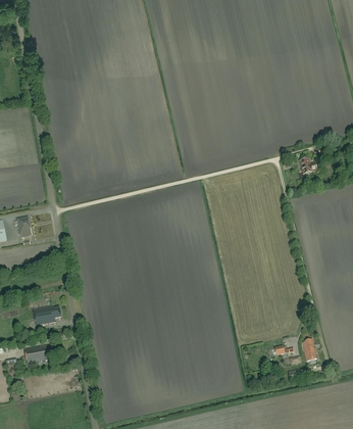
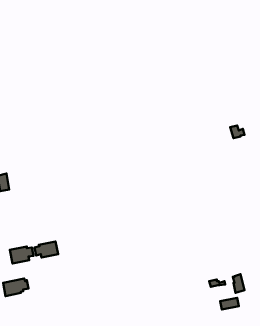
building: none -> [34,241,58,258]

